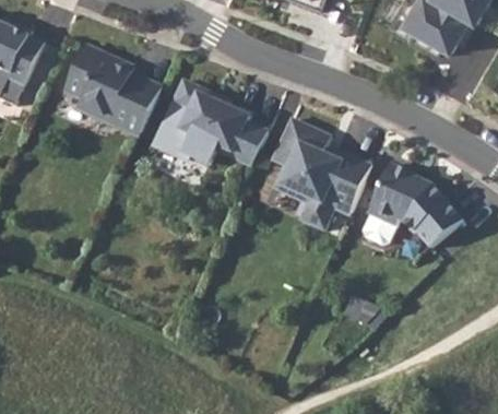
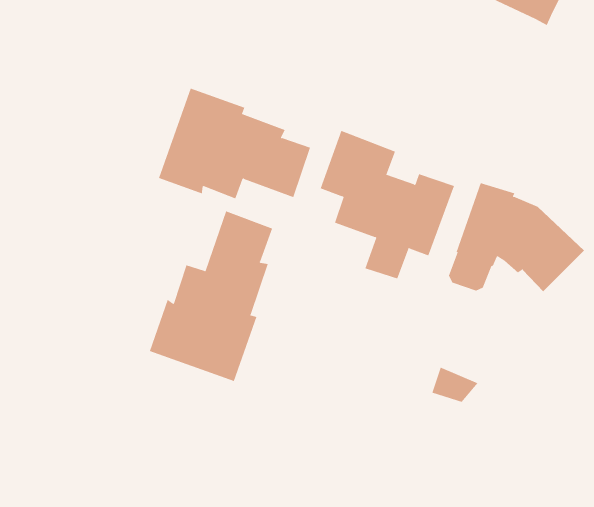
building: [63,46,161,135] -> none
building: none -> [149,211,273,382]

